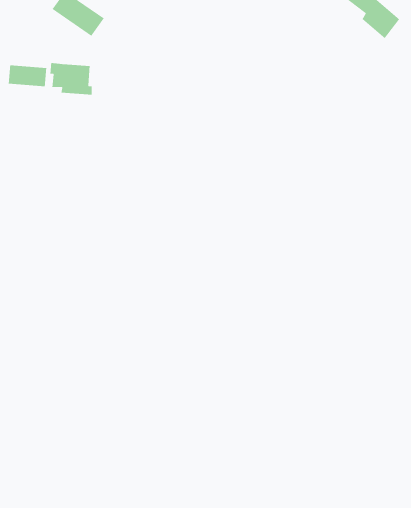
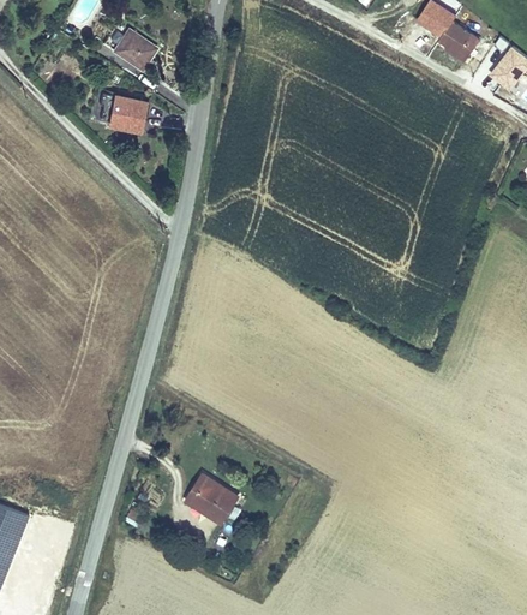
building: [8,65,47,87] -> none
building: none -> [187,473,244,526]

